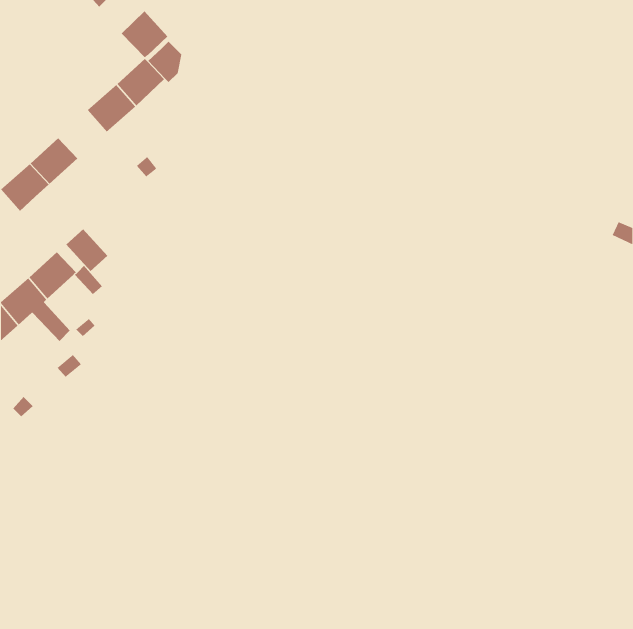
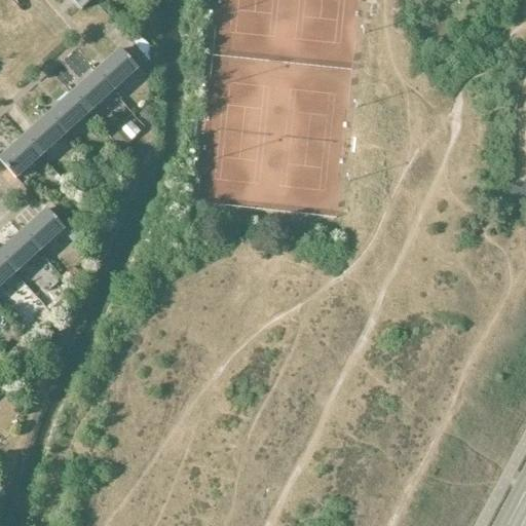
building: [121,11,168,58] -> none
building: none -> [48,91,88,132]
building: [65,229,108,272] -> none

